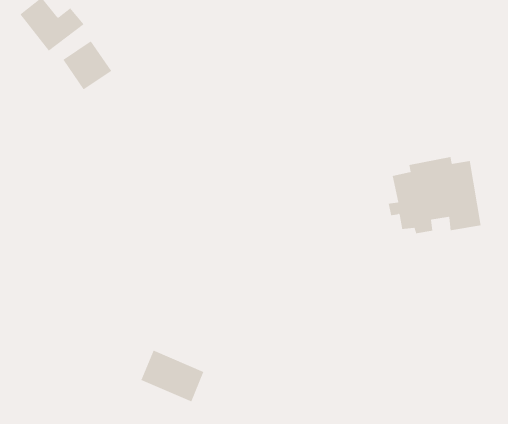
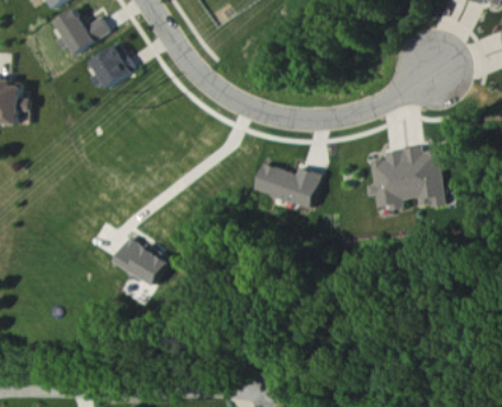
building: none -> [254,164,323,206]
building: [141,350,204,402] -> [114,239,169,284]

